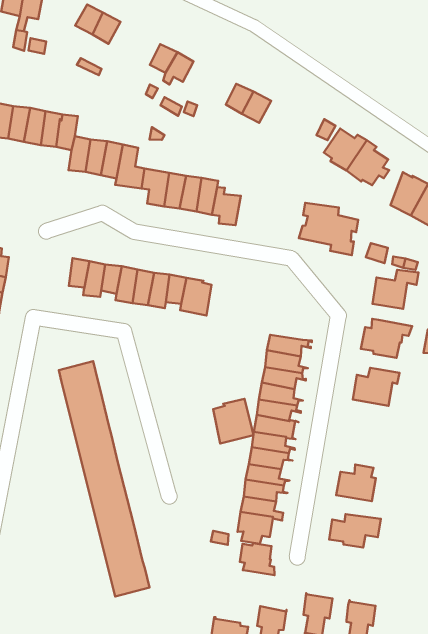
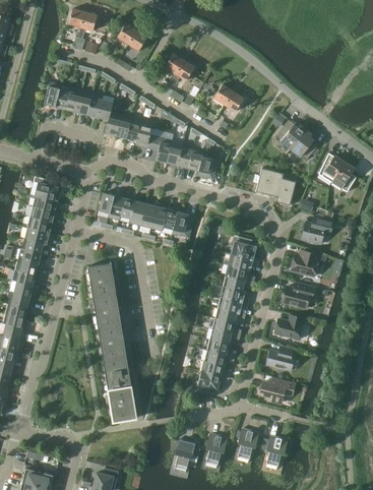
building: none -> [231,236,256,259]
building: [213,399,253,443] -> none
building: none -> [274,315,303,339]
building: [240,543,275,575] -> none

